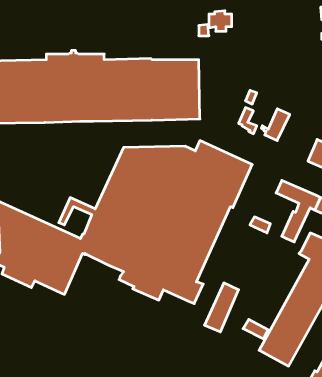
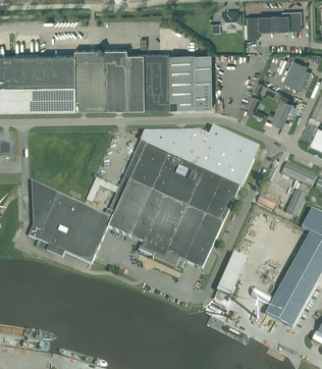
building: none -> [247,11,301,38]
building: none -> [282,59,310,90]

